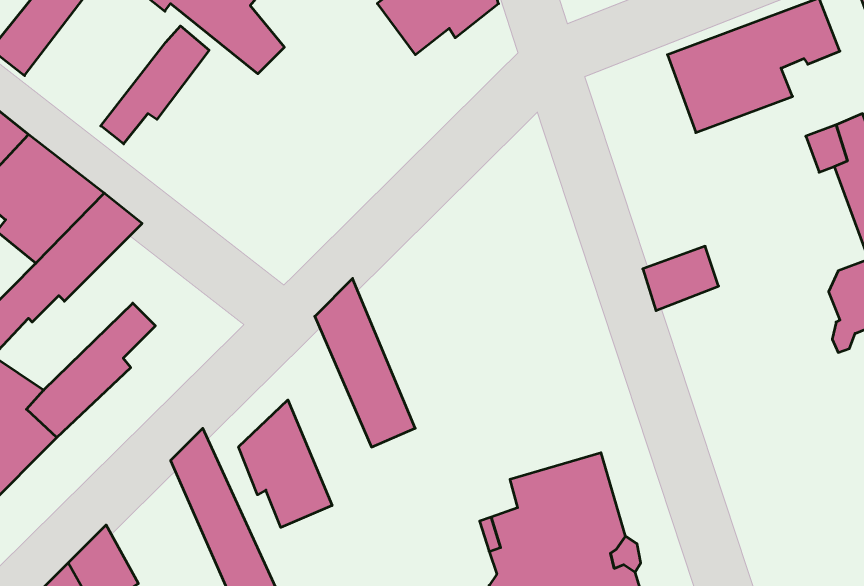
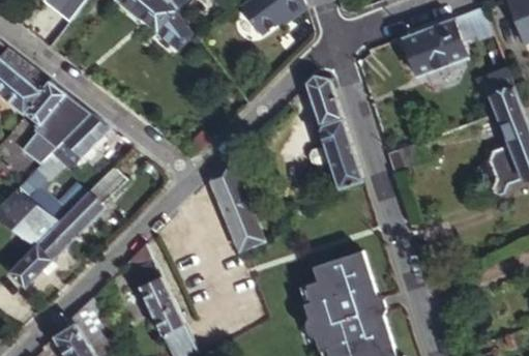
building: [101,26,209,144] -> none
building: none -> [305,68,362,192]
building: [239,400,332,527] -> none

